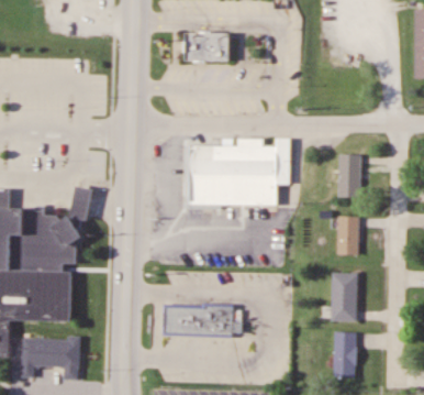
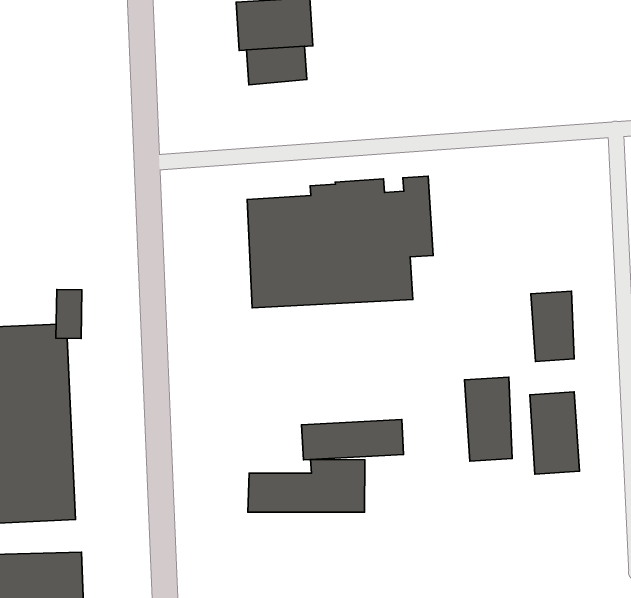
building: none -> [247,46,307,85]
building: [342,147,366,189] -> none
building: none -> [302,420,404,460]
building: [336,323,361,370] -> [464,377,512,461]

